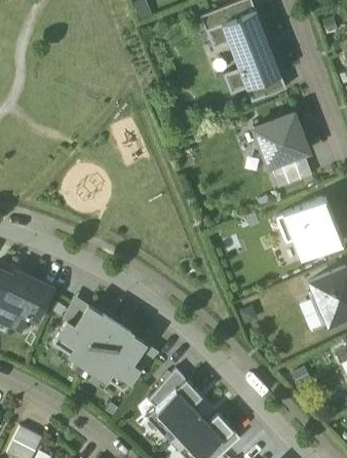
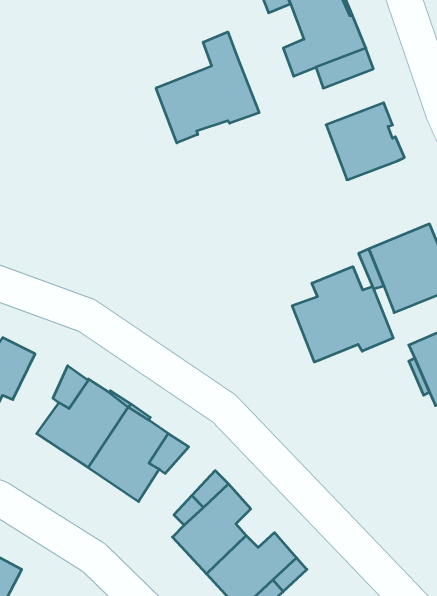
building: none -> [156,32,259,143]
building: [269,153,312,189] -> none
building: none -> [292,267,393,362]

